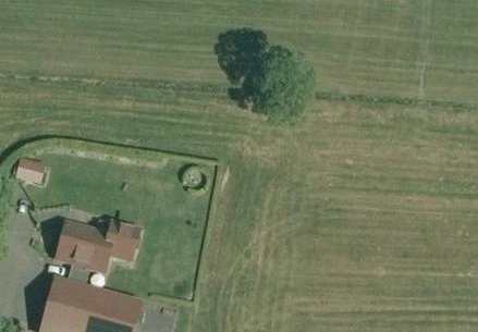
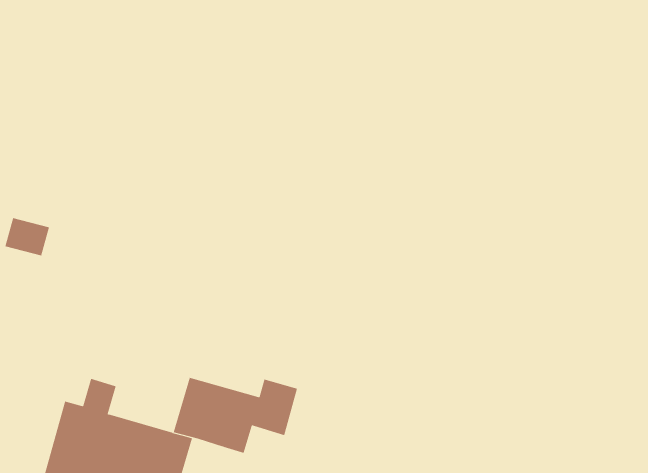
building: [56,220,139,271] -> [173,377,298,454]

